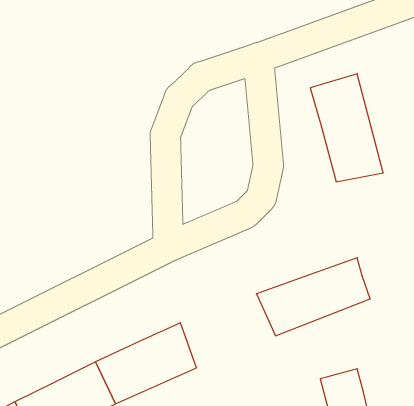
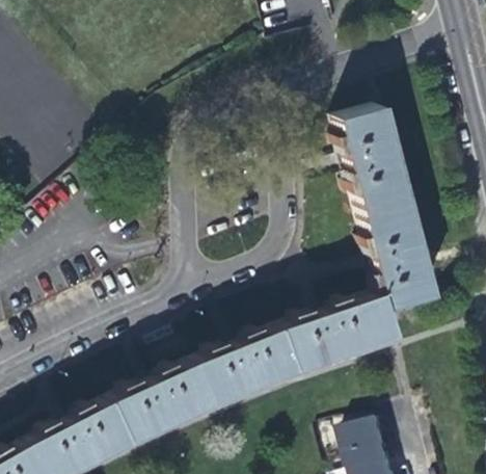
building: none -> [361,205,437,312]
building: none -> [199,331,298,407]

